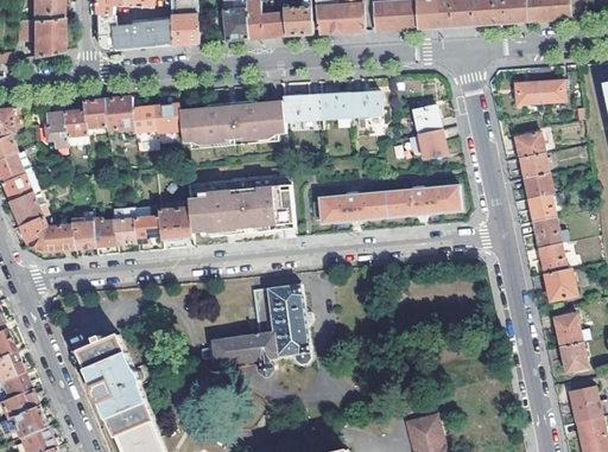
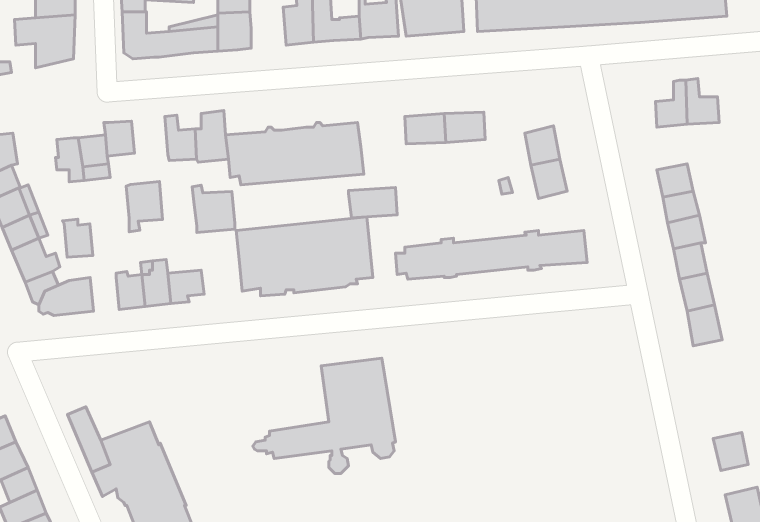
building: [104,96,133,135] -> [126,182,162,232]
building: [281,96,319,120] -> [348,187,397,218]
building: [158,203,191,240] -> [192,185,235,232]
building: [71,218,95,248] -> [63,219,93,257]
building: [544,269,576,300] -> none
building: [553,314,582,348] -> none

